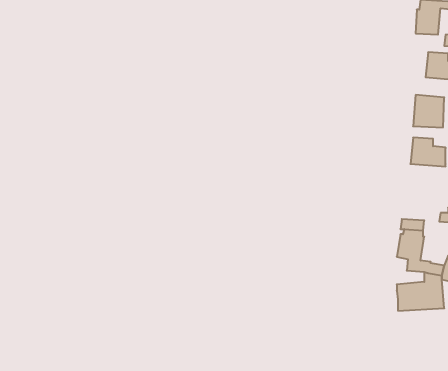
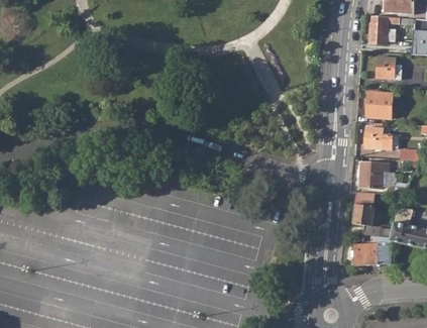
building: none -> [358,161,388,187]

